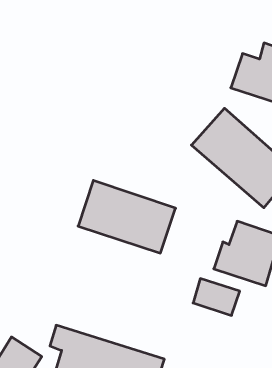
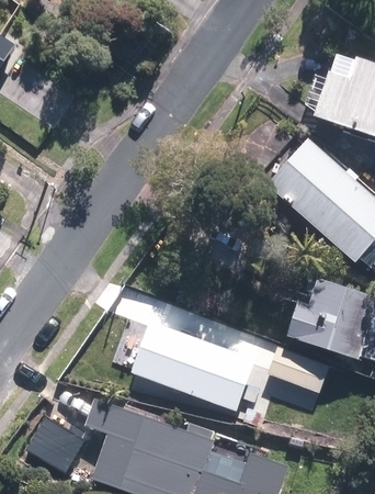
building: [78,180,176,253] -> [132,322,251,411]

